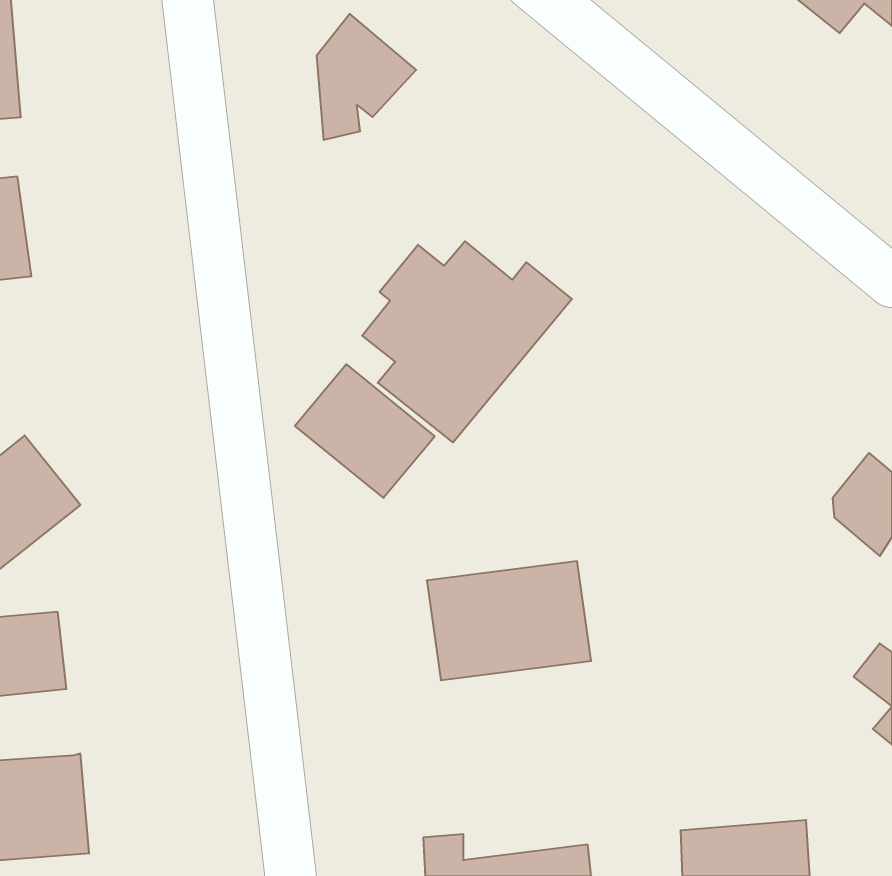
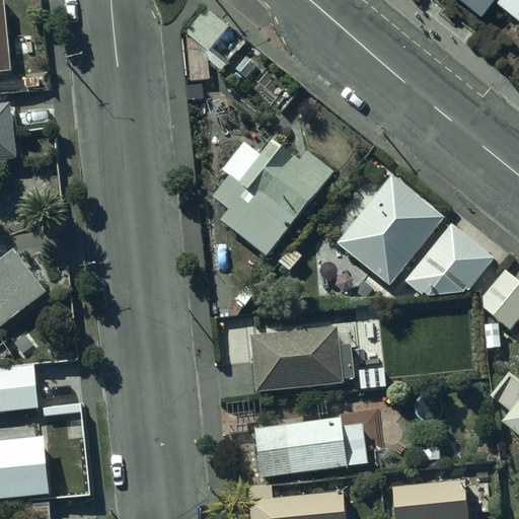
building: none -> [338,174,447,286]
building: [295,364,435,498] -> none
building: none -> [407,223,497,300]
building: none -> [253,416,349,478]

